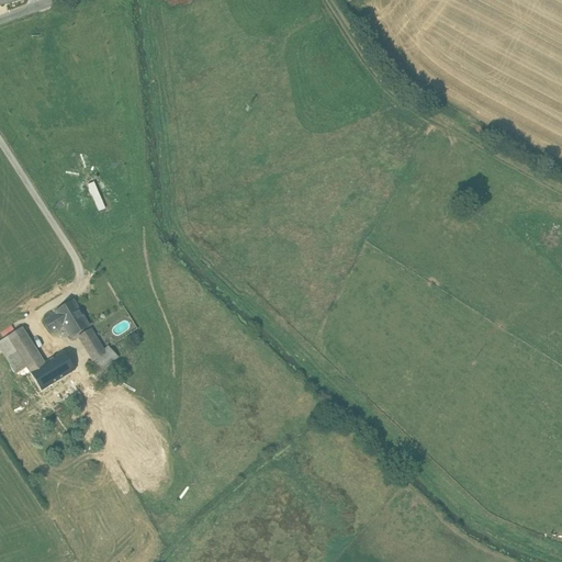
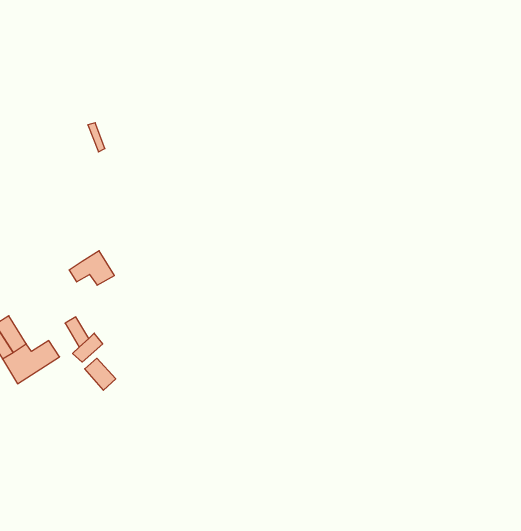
building: [43,299,89,334] -> [69,251,114,285]
building: none -> [85,358,116,390]

